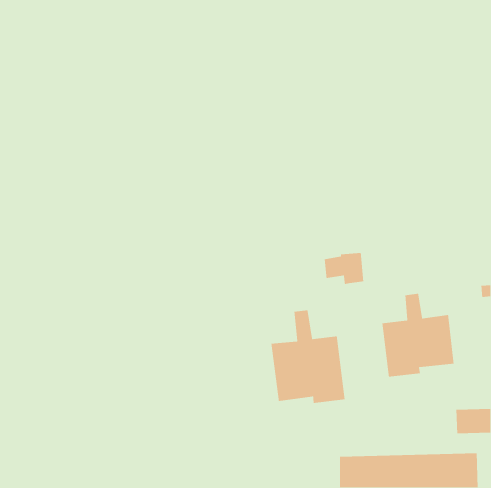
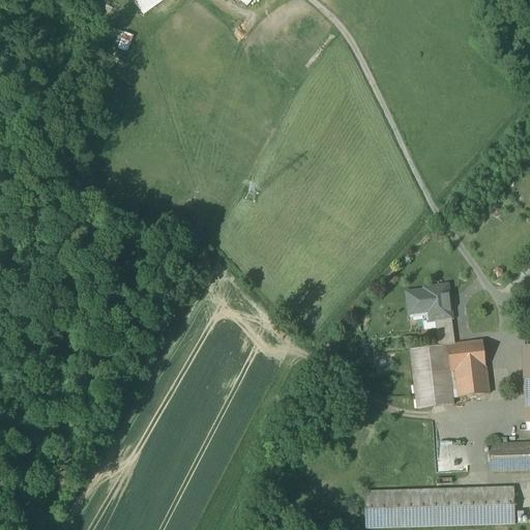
building: [324,252,364,285] -> [408,284,451,319]
building: [271,310,345,404] -> none

